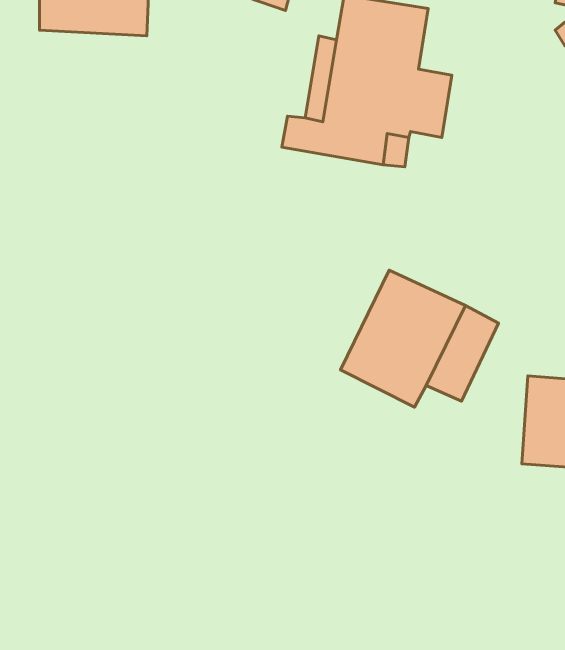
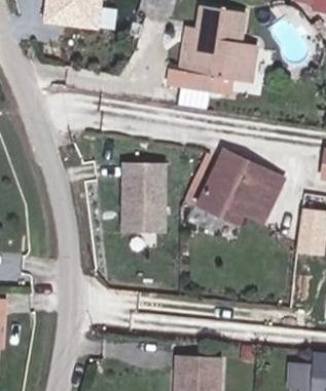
building: none -> [121,161,168,232]

